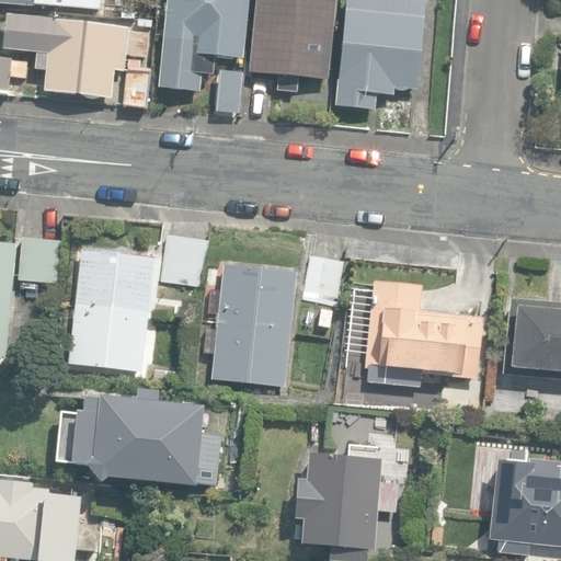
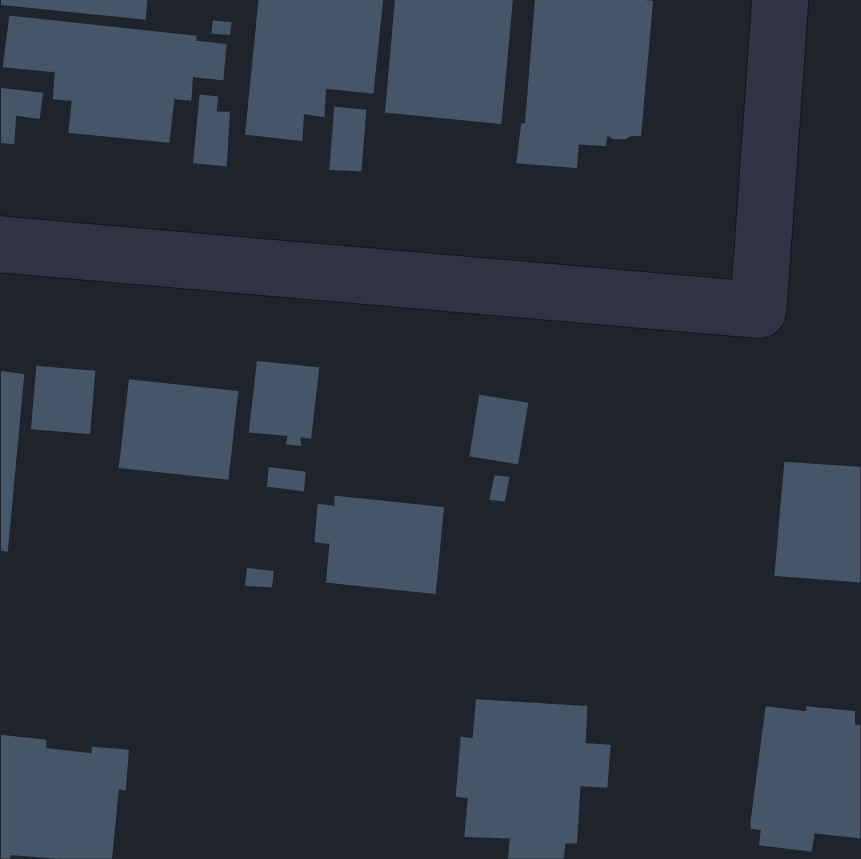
building: [208,265,295,330] -> none
building: [346,282,483,387] -> none
building: [71,305,149,370] -> none
building: [37,385,218,483] -> none

